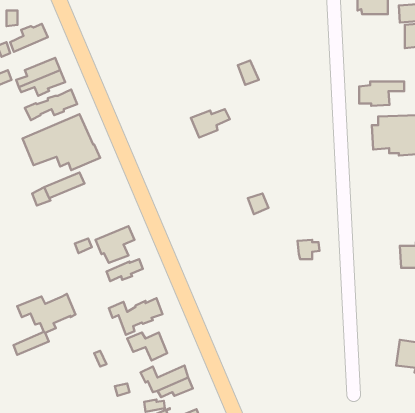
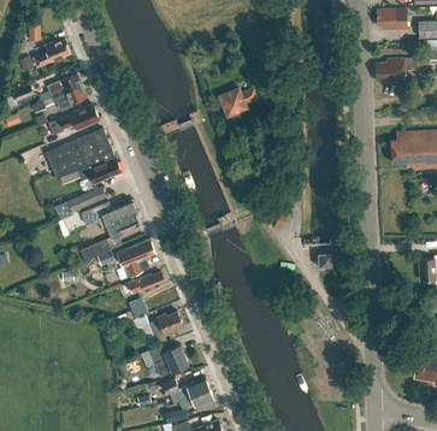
building: [359,82,404,106] -> [376,59,420,83]
building: [191,109,230,137] -> [220,88,259,116]
building: [13,294,75,355] -> [81,200,142,260]

